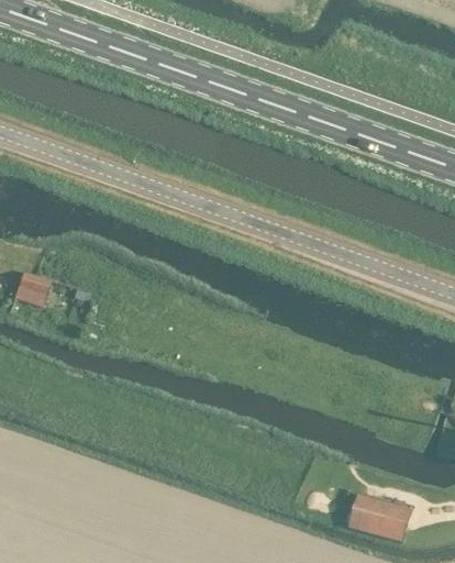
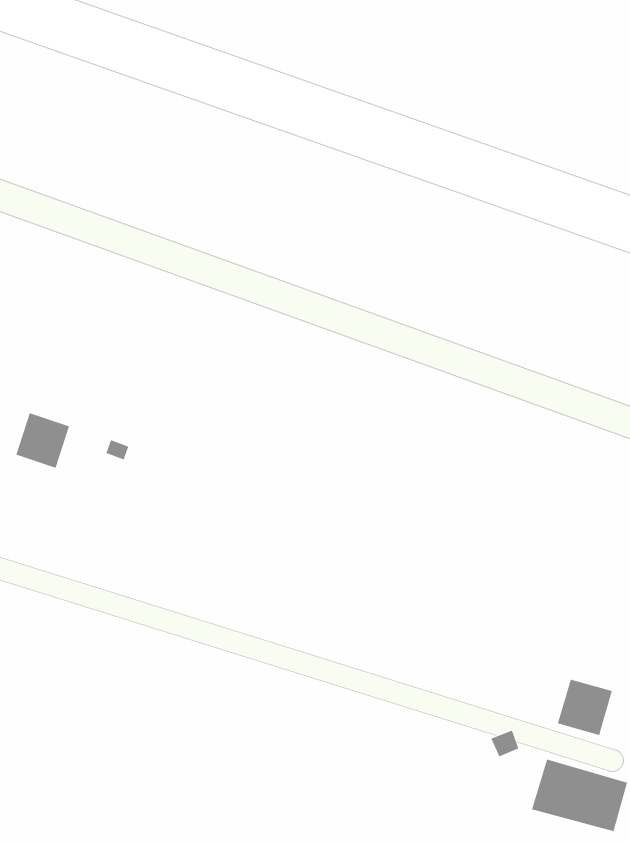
building: none -> [557,679,613,736]

